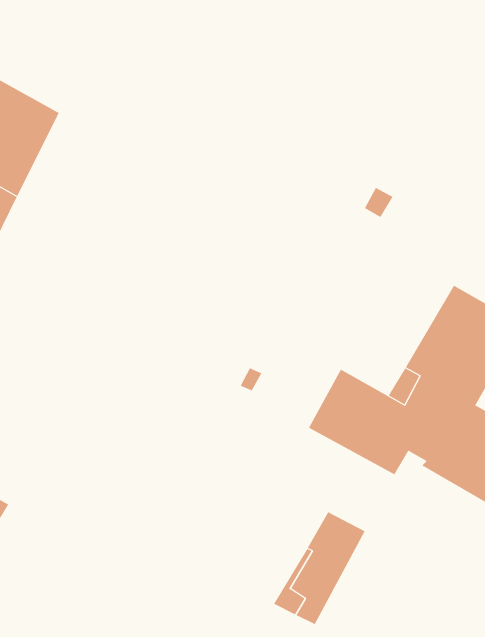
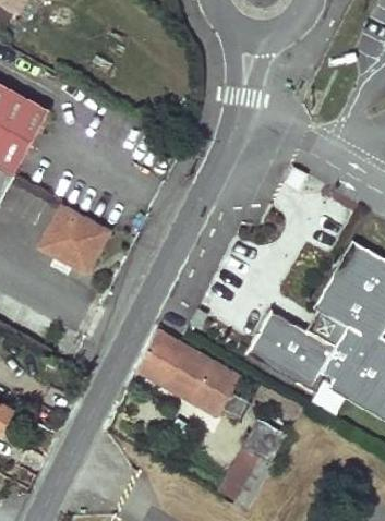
building: none -> [43,207,108,271]
building: none -> [133,330,246,419]

